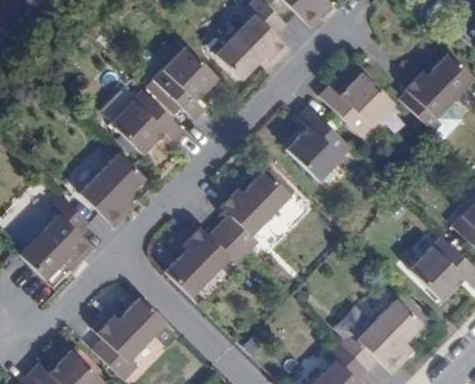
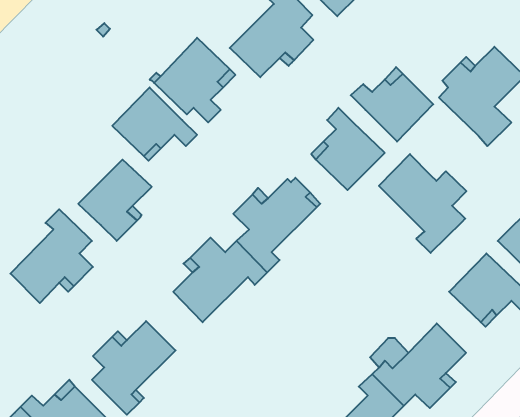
building: none -> [379,154,466,253]

